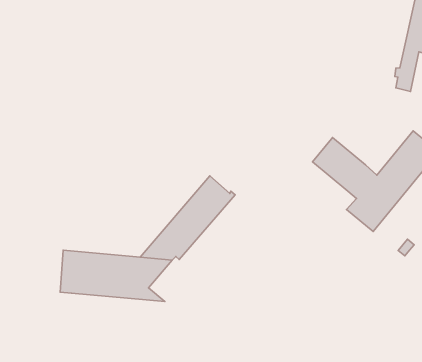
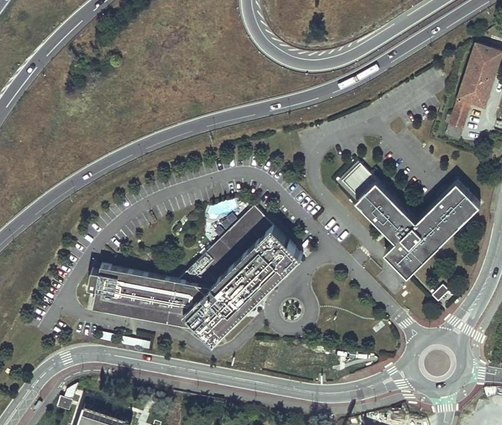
building: none -> [335,163,376,204]
building: none -> [182,229,303,343]

